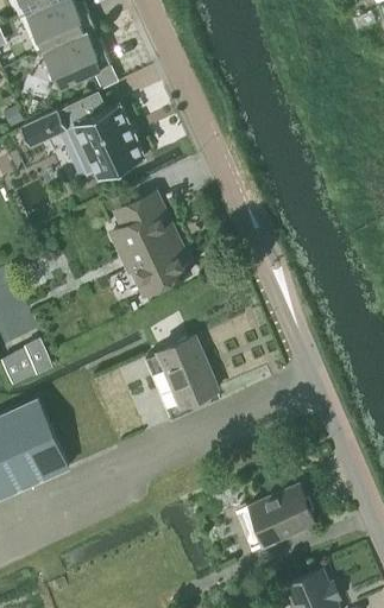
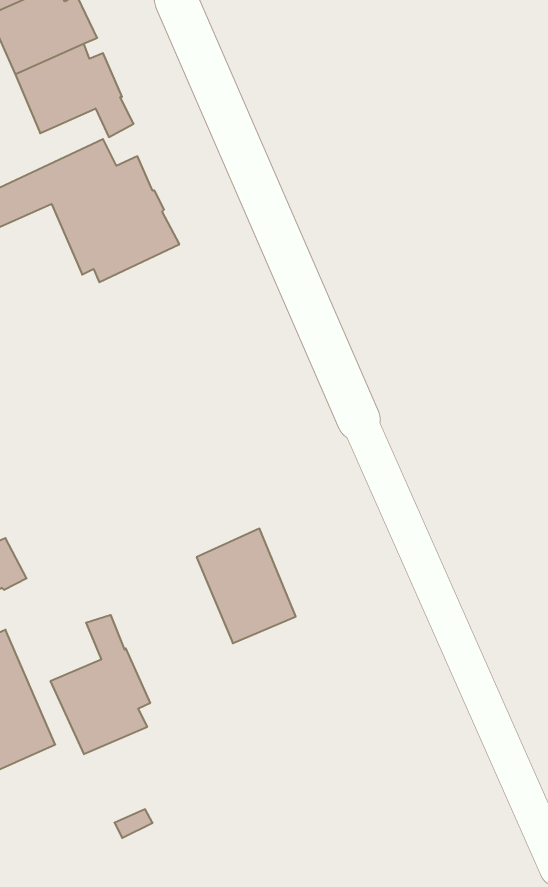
building: [109,192,190,296] -> none
building: none -> [51,615,150,754]
building: [248,486,314,546] -> none

